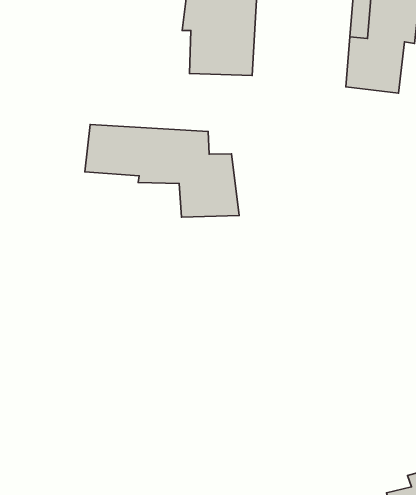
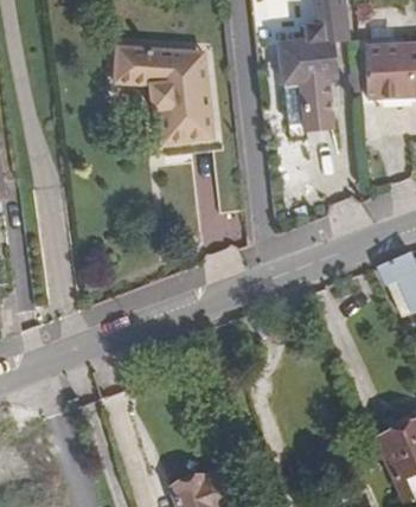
building: [85,125,239,217] -> none

